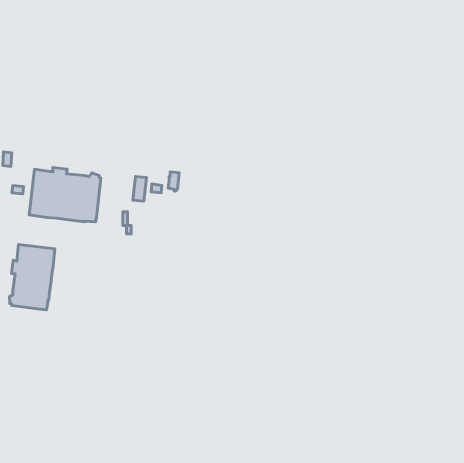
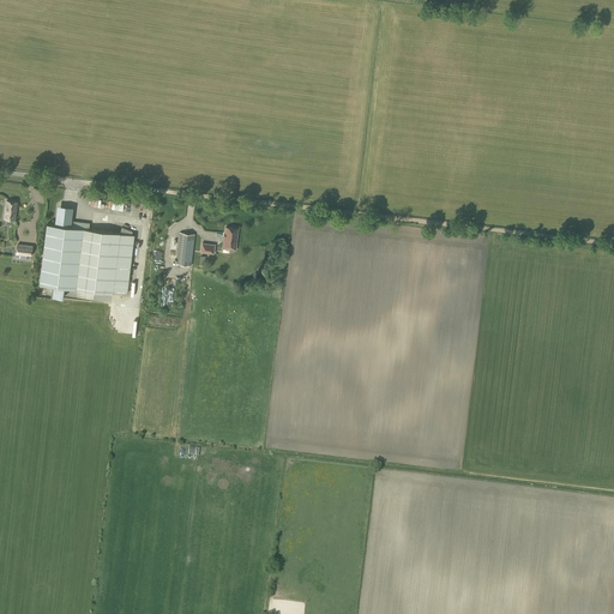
building: [9,244,55,310] -> none

